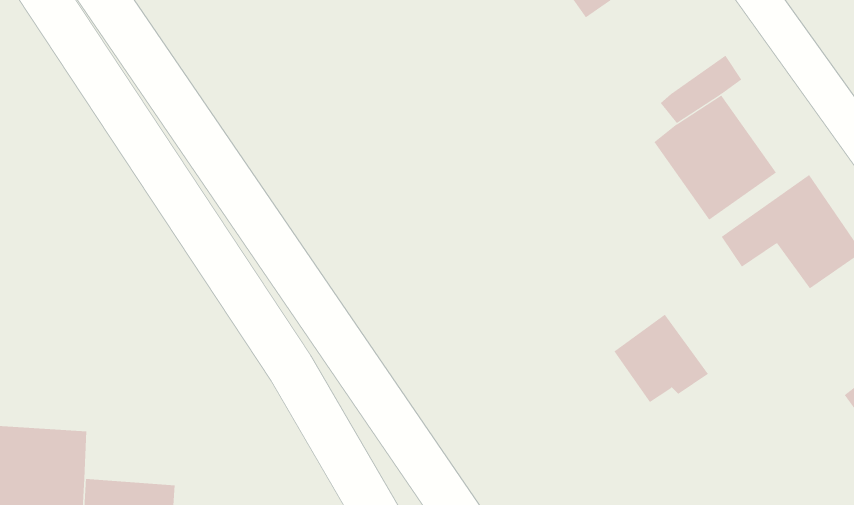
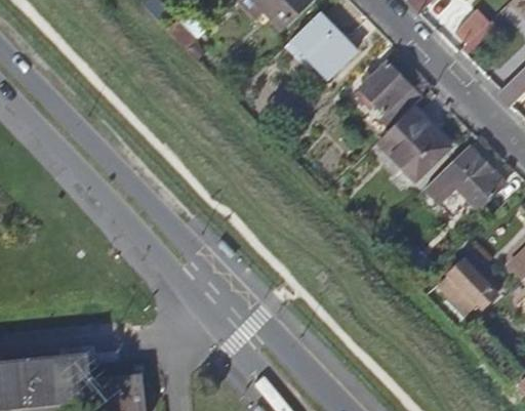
building: none -> [358,61,412,112]
building: [614,314,709,403] -> [438,259,493,311]

